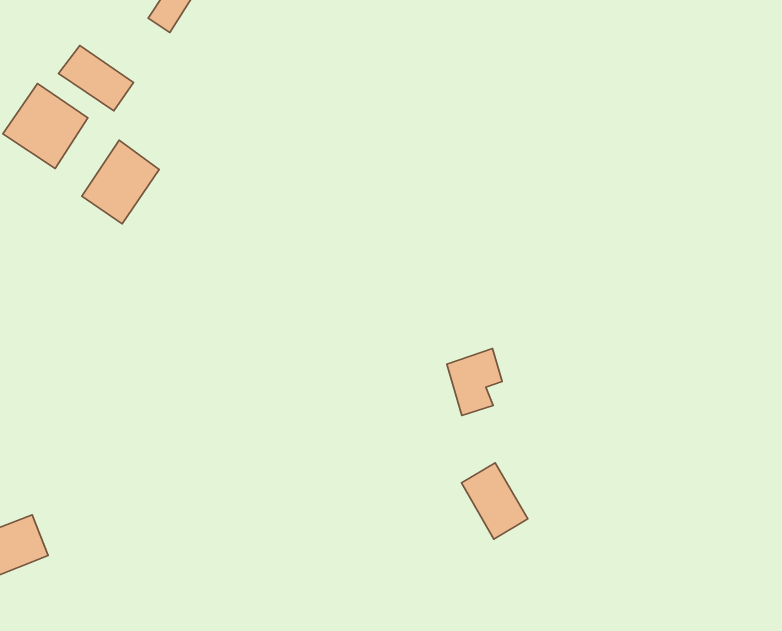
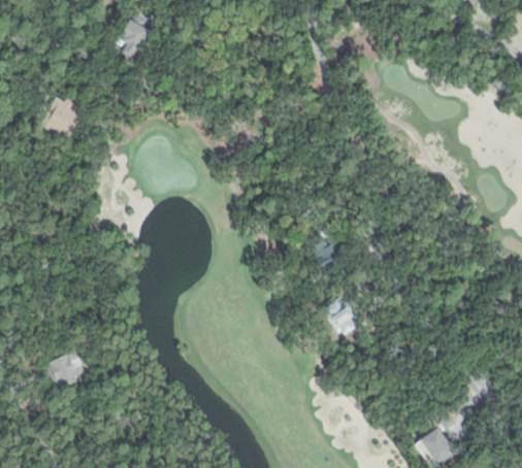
building: [59,46,133,111] -> none
building: [82,140,159,224] -> none

